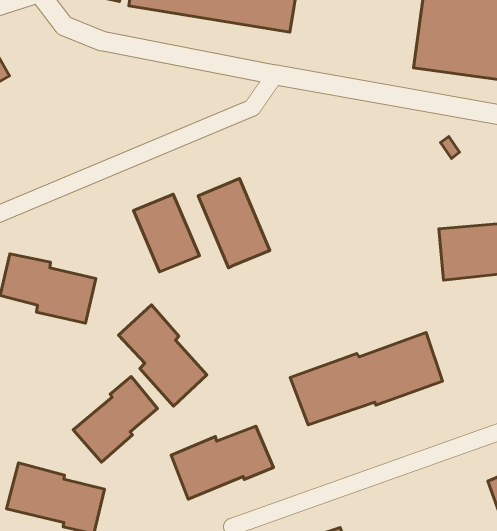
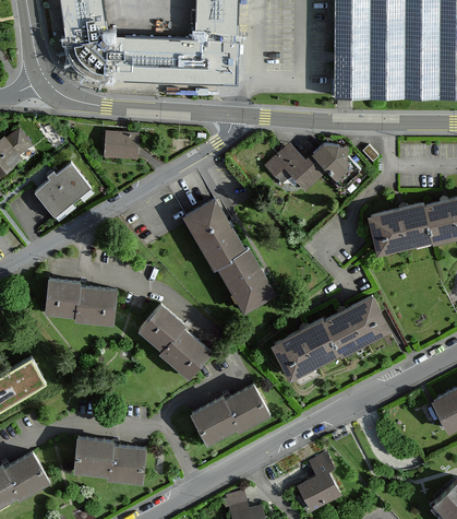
building: none -> [104,133,137,162]
building: none -> [34,164,89,217]
building: none -> [265,145,360,188]
building: [133,194,199,272] -> [218,250,273,310]
building: [73,377,158,462] -> none

